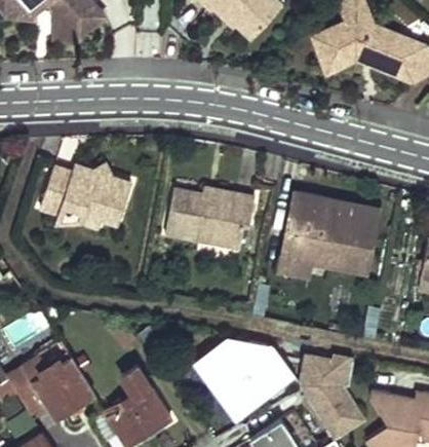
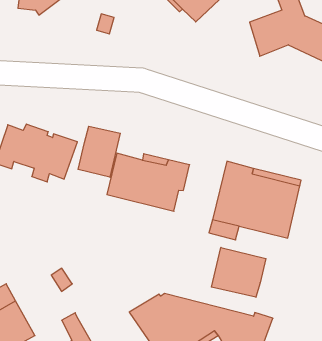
building: none -> [78,126,120,177]
building: none -> [211,247,266,297]

